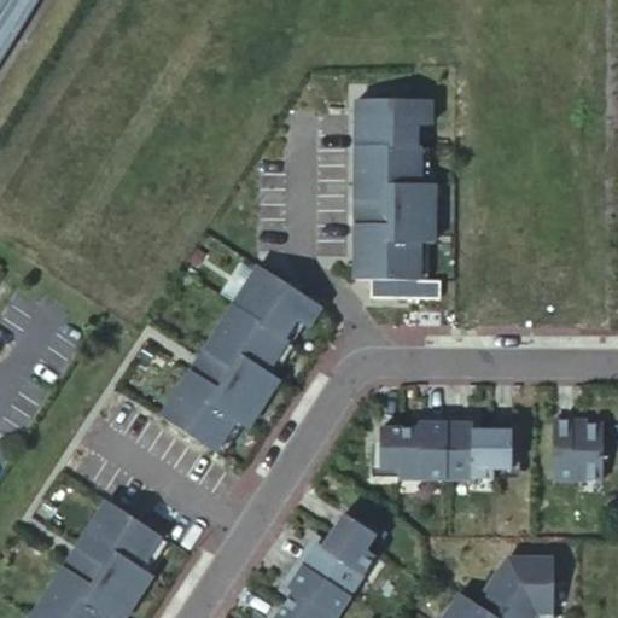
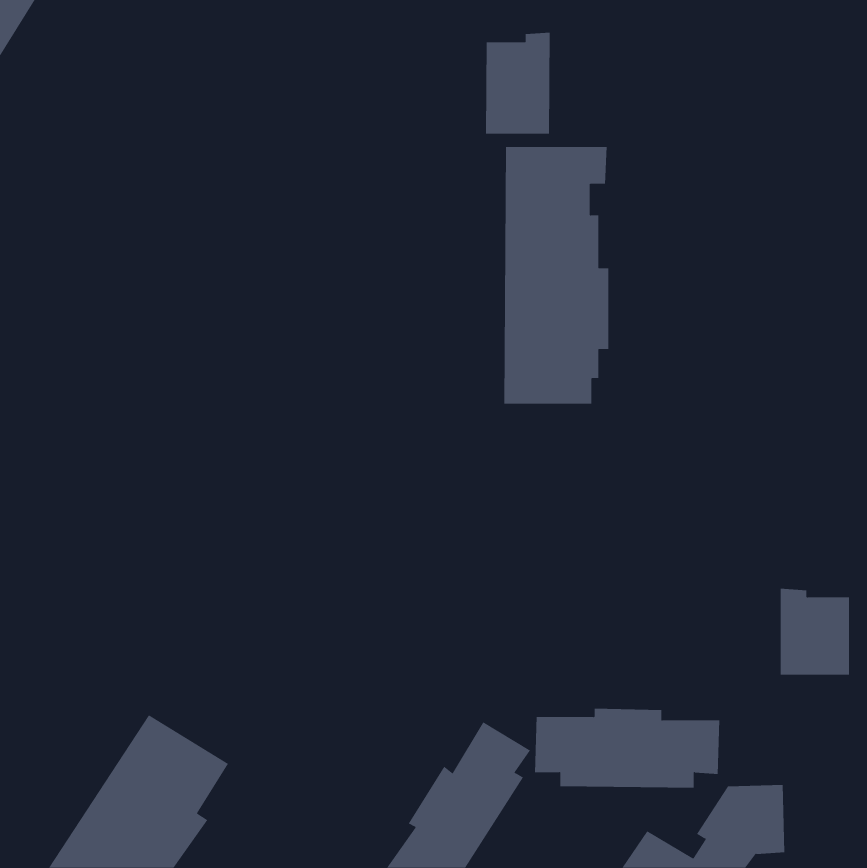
building: none -> [486,32,550,134]
building: [156,268,320,457] -> none
building: [378,421,509,478] -> [534,708,720,788]

